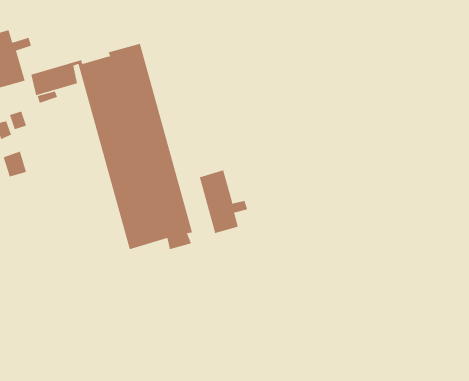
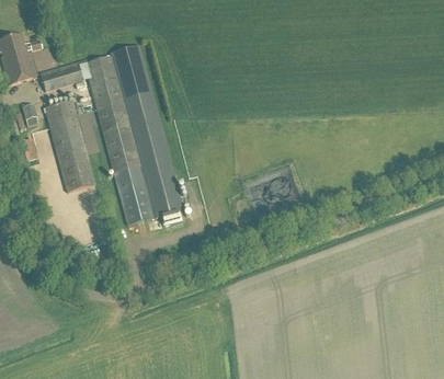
building: none -> [45,100,94,192]
building: [199,170,248,234] -> none

